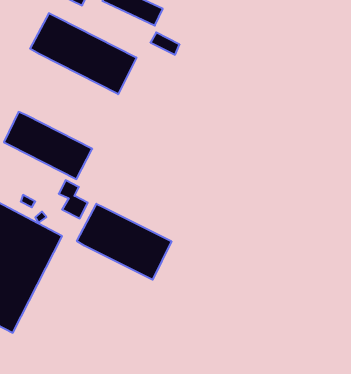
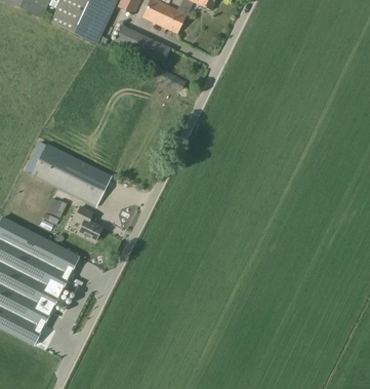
building: [30,13,136,94] -> none
building: [77,204,171,280] -> none

